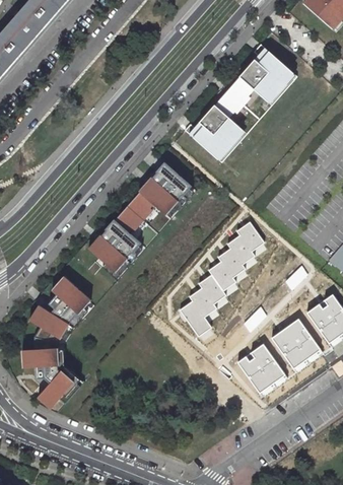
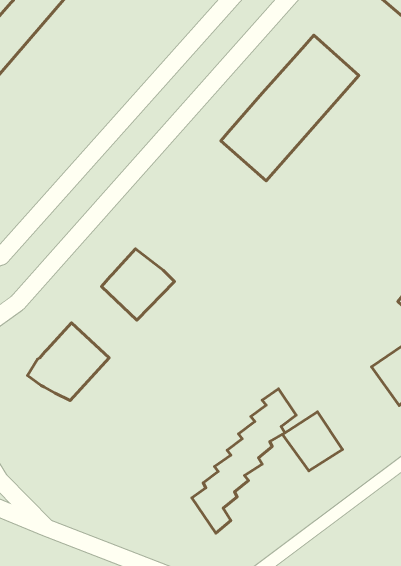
building: [115,162,186,233] -> none
building: [179,220,263,337] -> [192,389,296,533]
building: [271,320,320,371] -> none
building: [20,345,80,410] -> none

